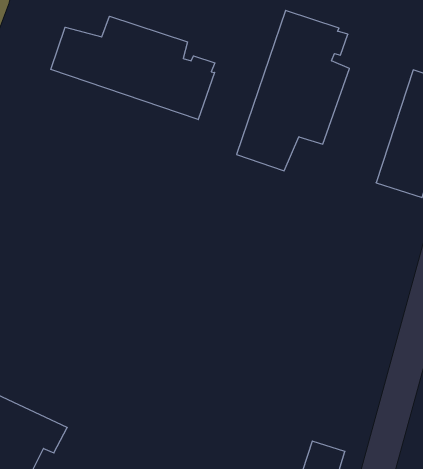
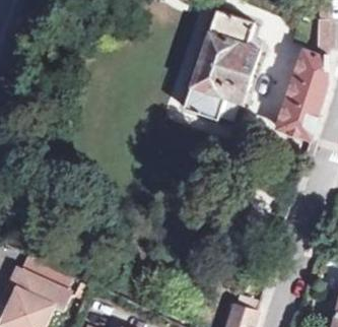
building: [51,16,215,120] -> none

